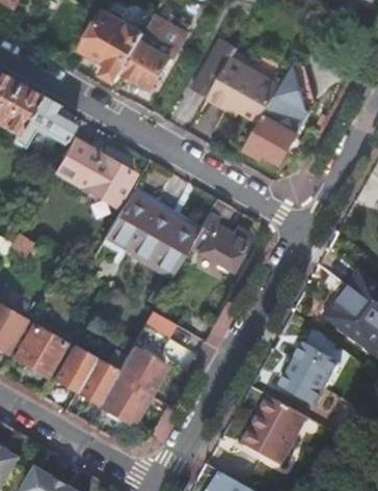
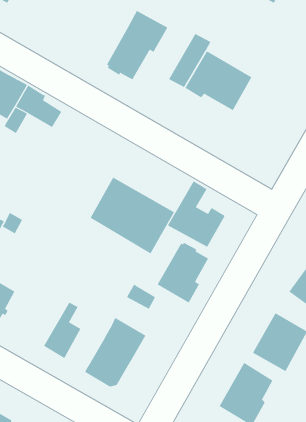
building: [81,7,144,80] -> none
building: [245,66,313,162] -> none
building: [53,138,134,207] -> none
building: none -> [157,242,209,304]
building: [11,319,65,377] -> none
building: [76,351,127,405] -> none

